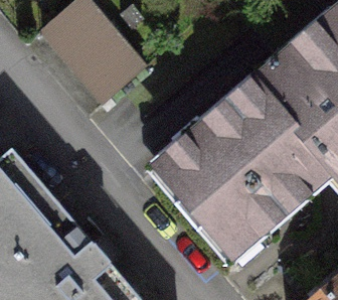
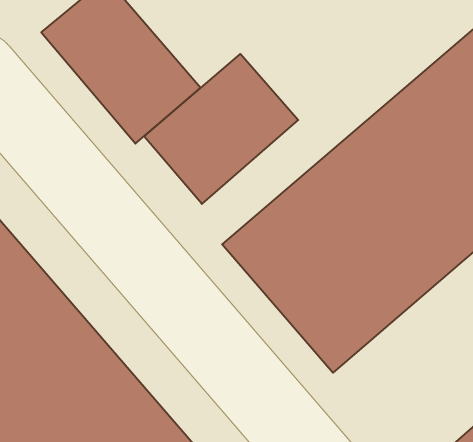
building: none -> [144,54,298,204]

